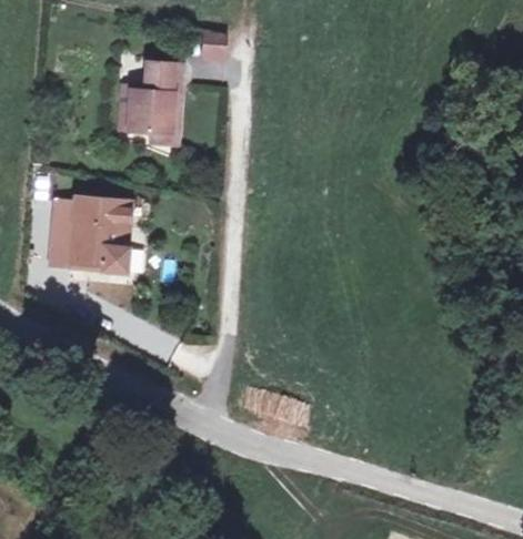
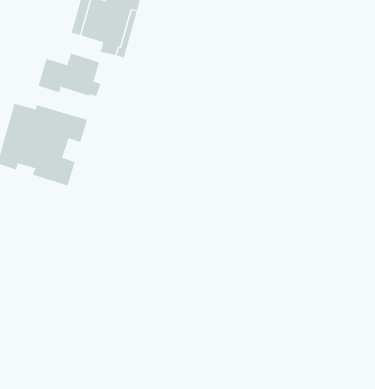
building: none -> [38,53,101,97]

